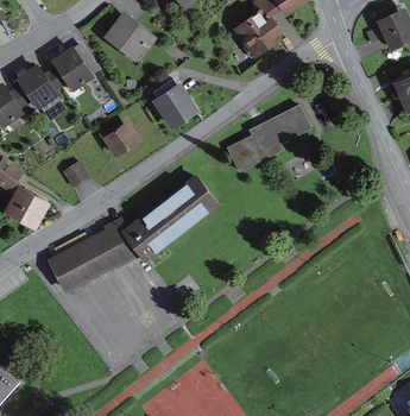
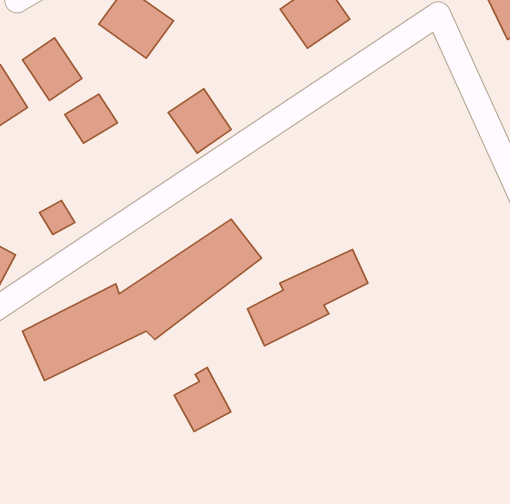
building: [227,105,311,172] -> [247,249,368,346]
building: [105,122,141,157] -> [65,94,117,143]
building: none -> [174,367,231,431]

